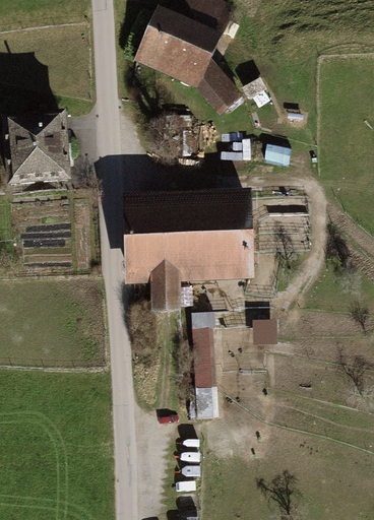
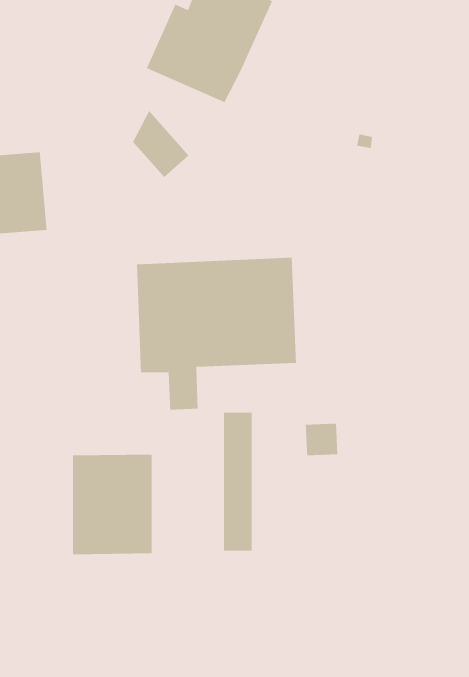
building: [194,60,236,110] -> [132,110,189,178]
building: none -> [72,454,152,555]

